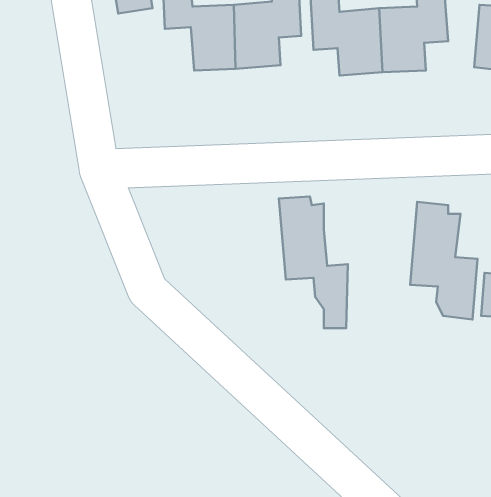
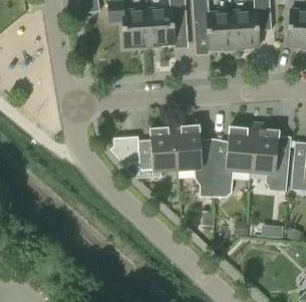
building: none -> [110,121,178,178]
building: none -> [213,122,254,197]

